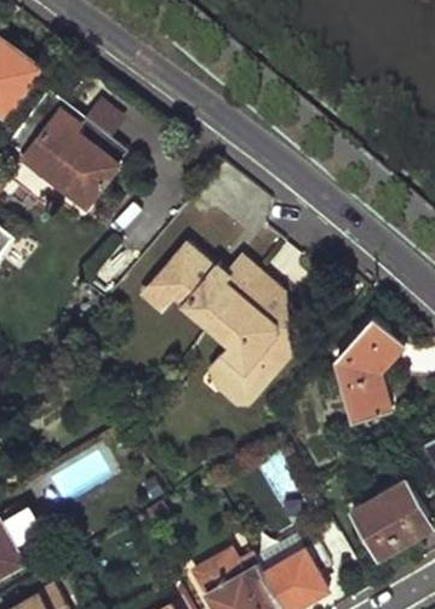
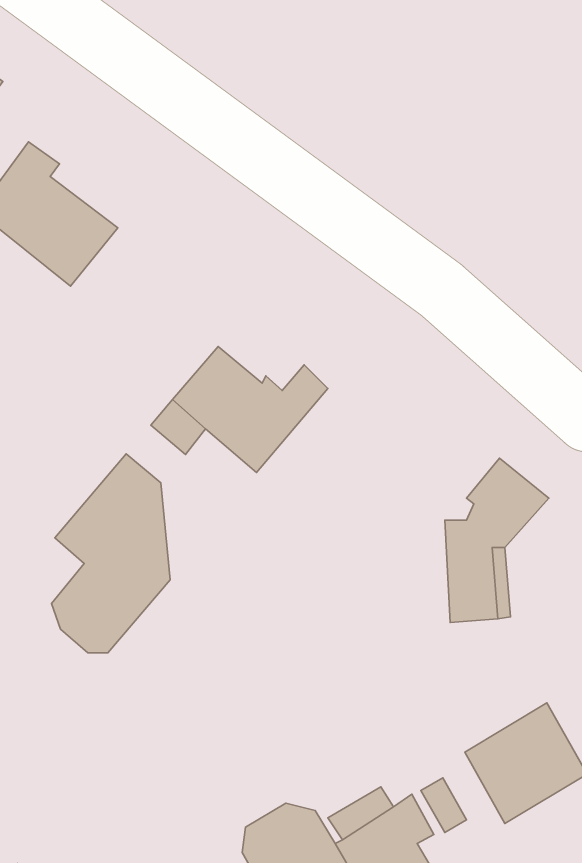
building: [208,273,287,405] -> [51,454,170,653]

